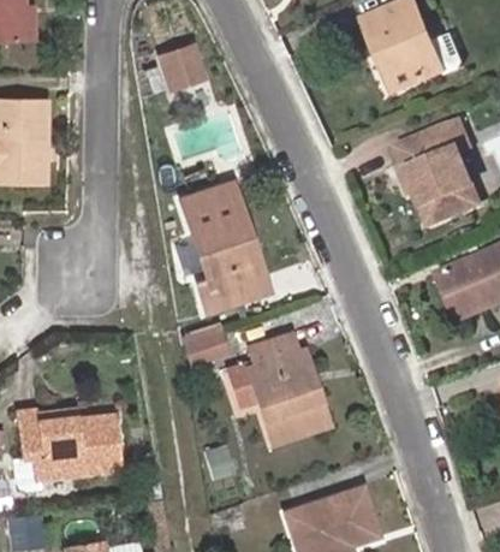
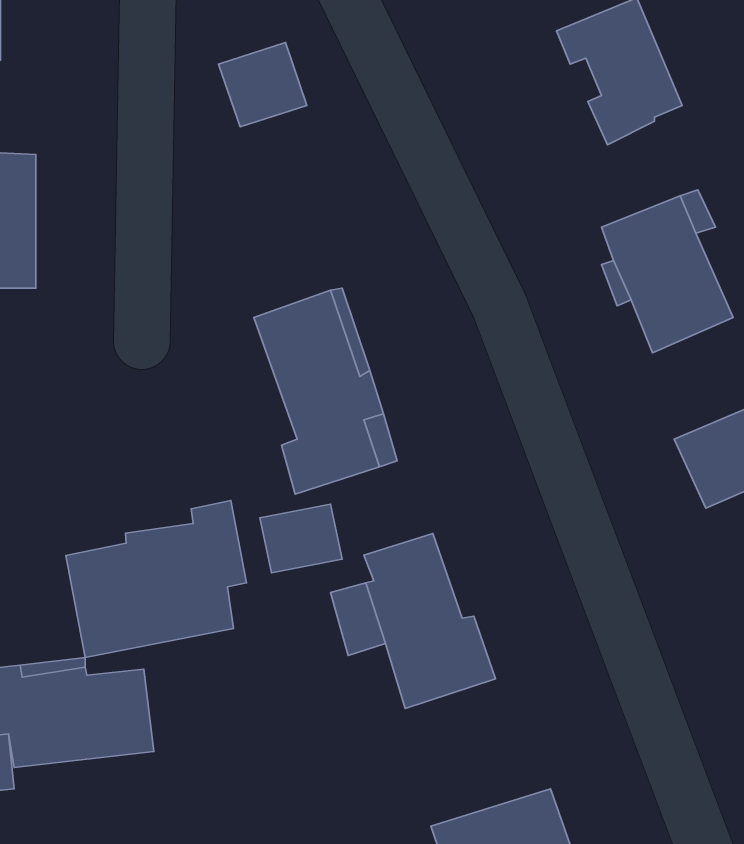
building: none -> [66,501,246,657]

